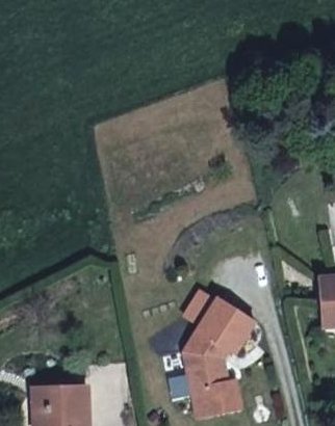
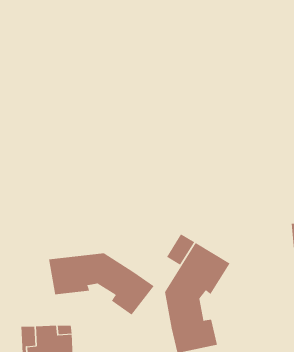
building: none -> [48,253,154,315]

